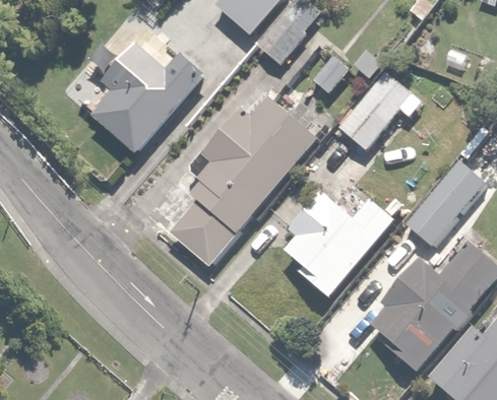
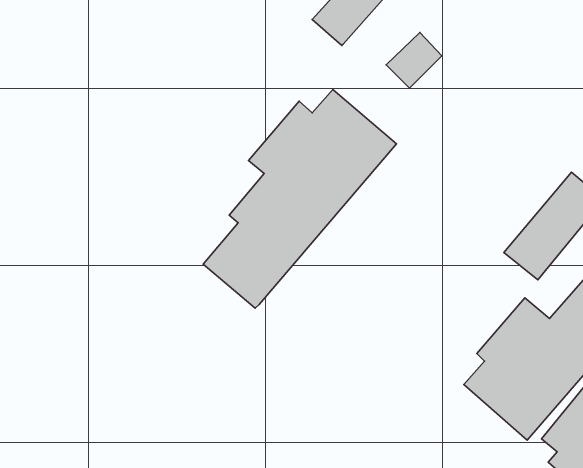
building: [89,39,206,154] -> none
building: [337,86,394,146] -> none
building: [286,189,397,298] -> none

